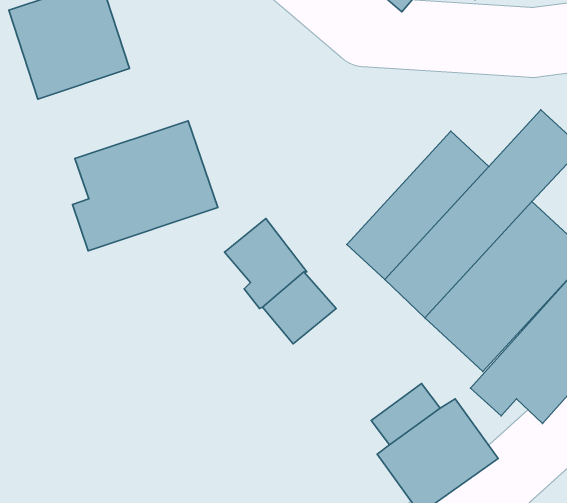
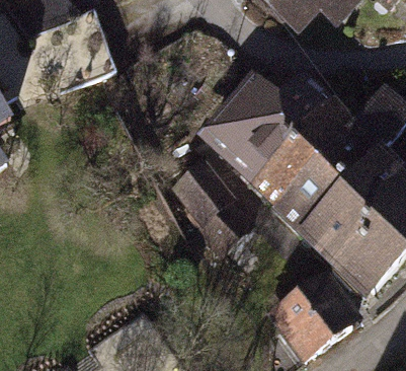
building: none -> [201,81,323,182]
building: [72,121,218,251] -> none

